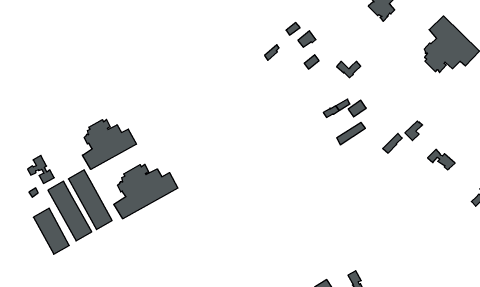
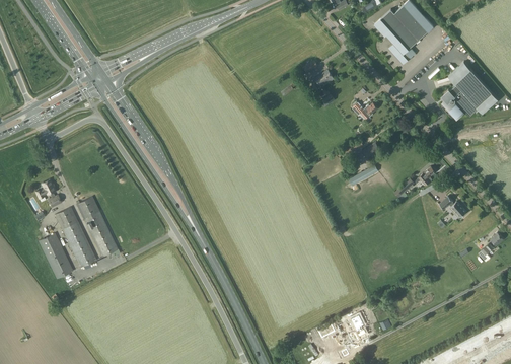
building: [82,119,136,169] -> none
building: [114,164,178,219] -> none

